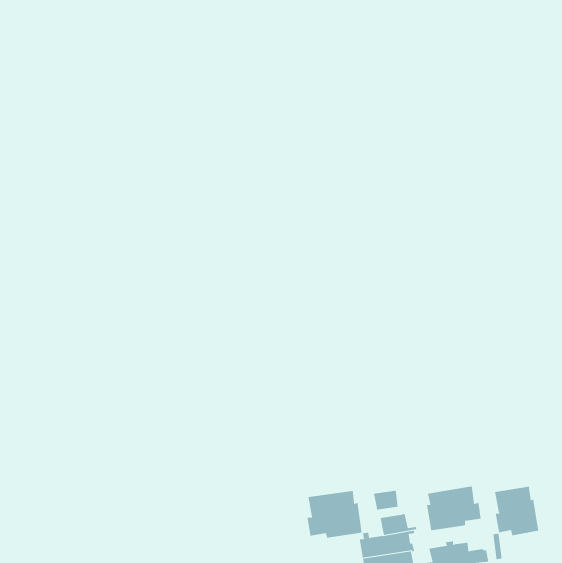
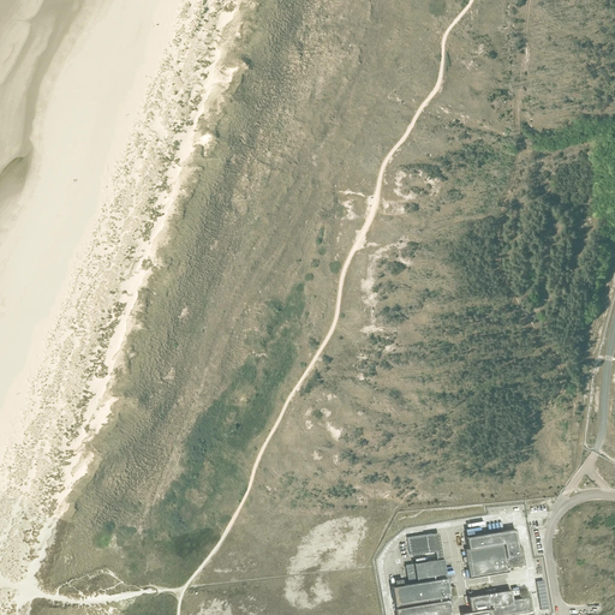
building: [495,486,539,536] -> none
building: [307,490,362,539] -> none

